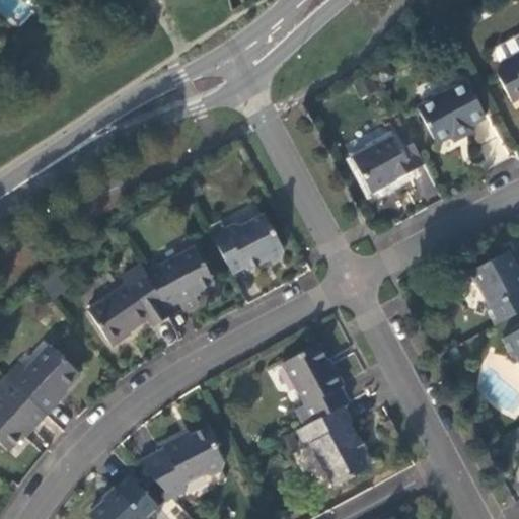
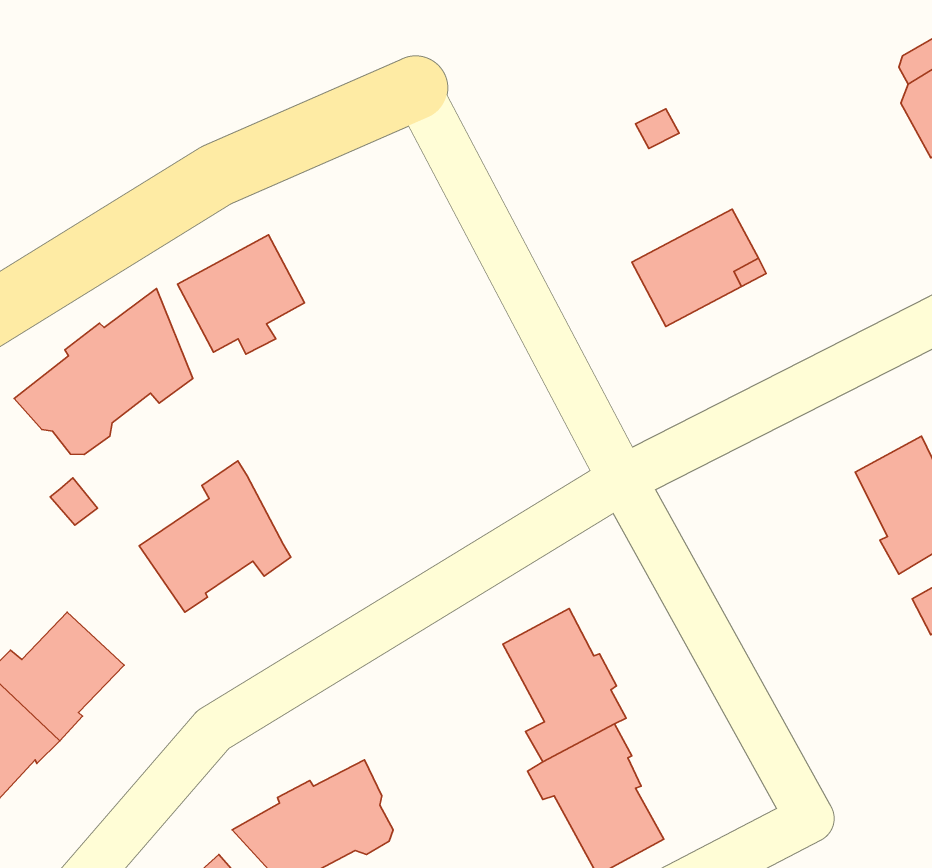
building: [417,82,486,144] -> none
building: none -> [14,289,193,454]
building: [212,214,283,274] -> none
building: [146,246,214,310] -> [177,235,304,354]

